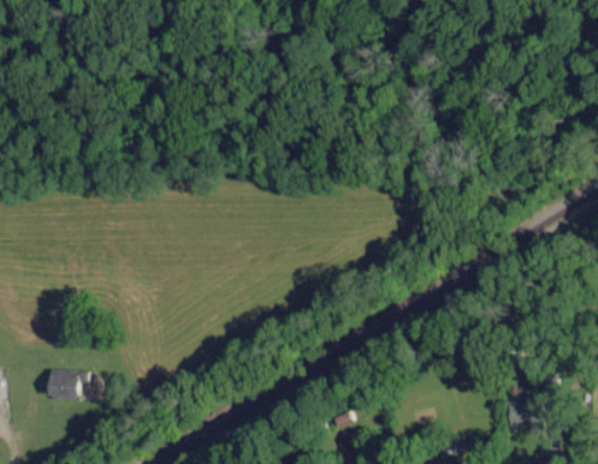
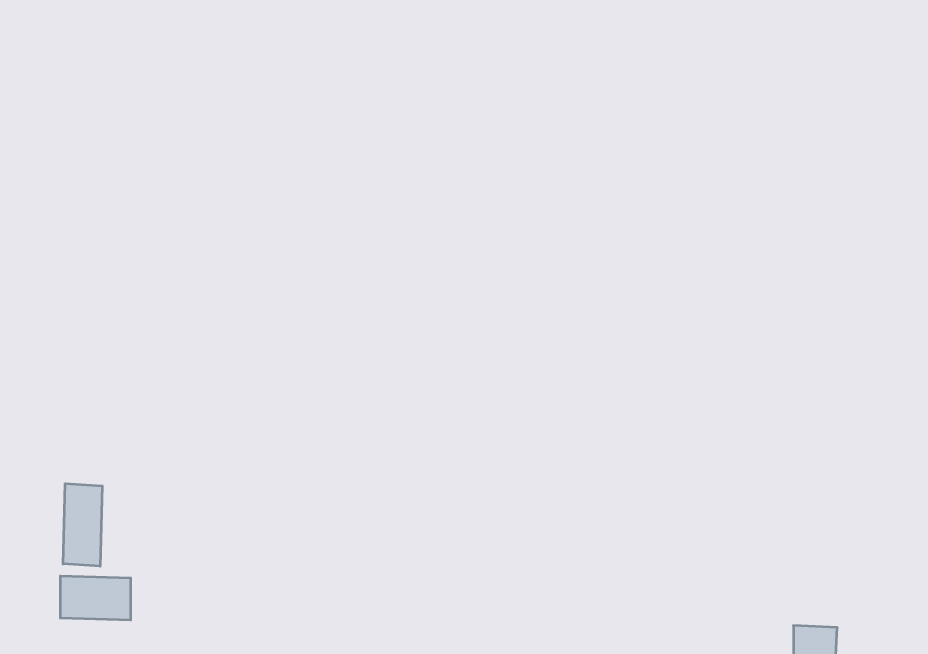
building: none -> [63,484,102,566]

